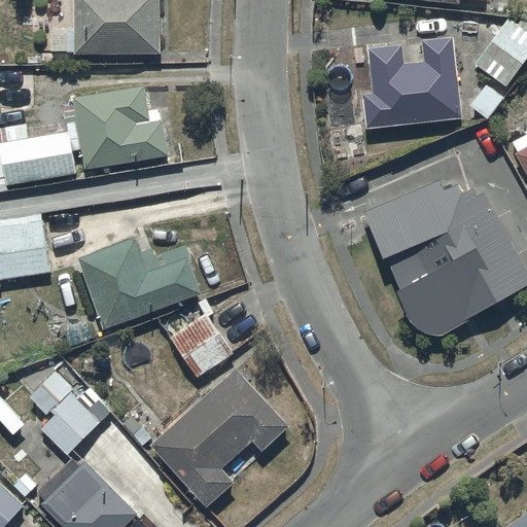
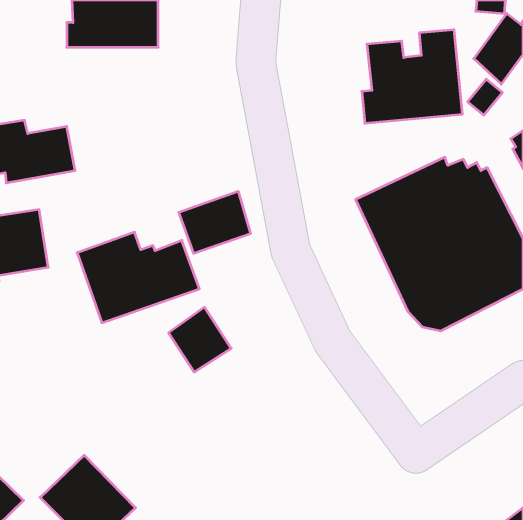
building: [63,86,166,169] -> none
building: none -> [179,191,250,253]
building: [150,367,288,506] -> none
building: [28,373,120,457] -> none

